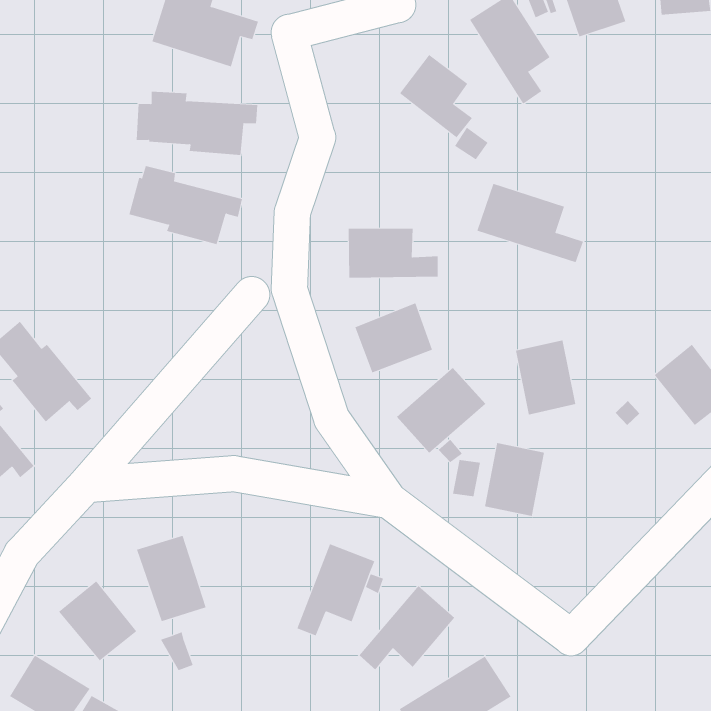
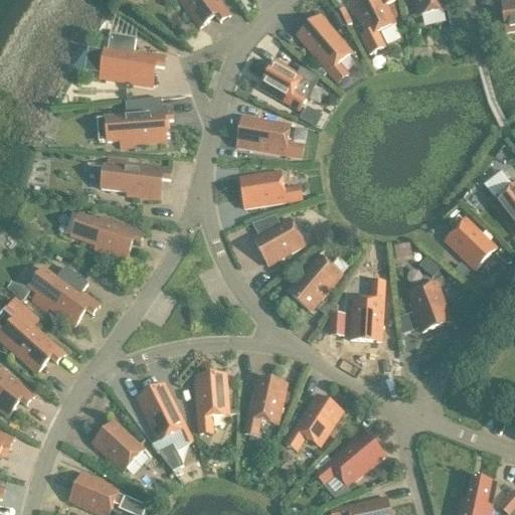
building: [476,183,584,263] -> [236,115,305,157]
building: none -> [71,212,144,259]
building: [515,340,576,415] -> [407,281,451,331]
building: none -> [194,372,228,433]

